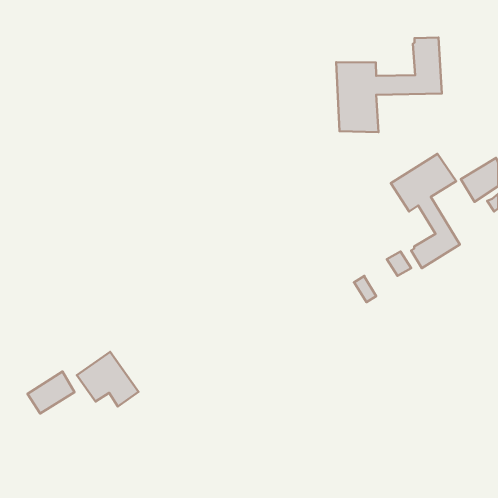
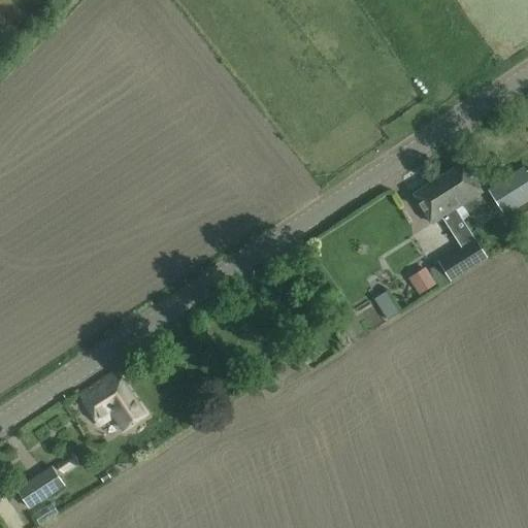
building: [336,38,442,132] -> none
building: [28,372,74,413] -> [15,465,65,509]

